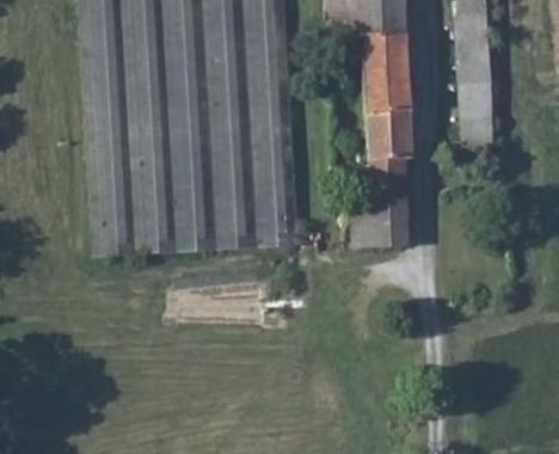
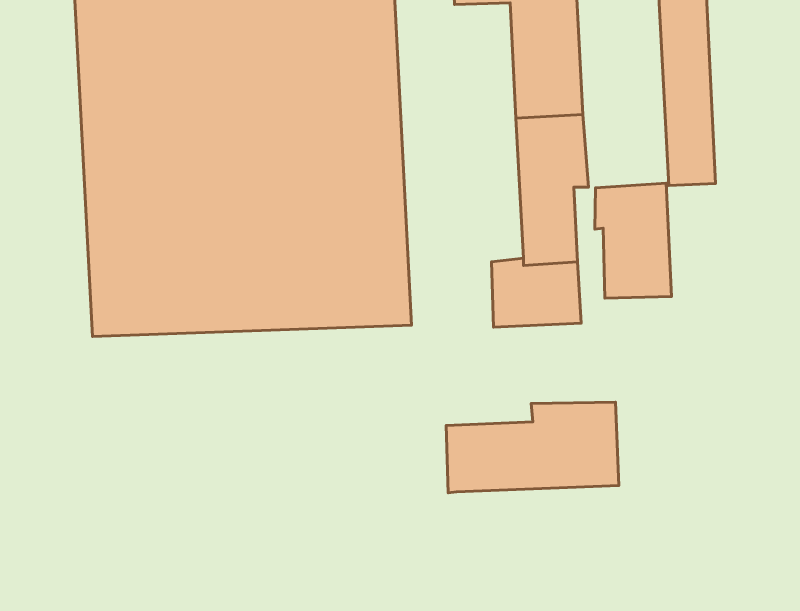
building: none -> [595,183,672,298]
building: none -> [446,402,619,493]

